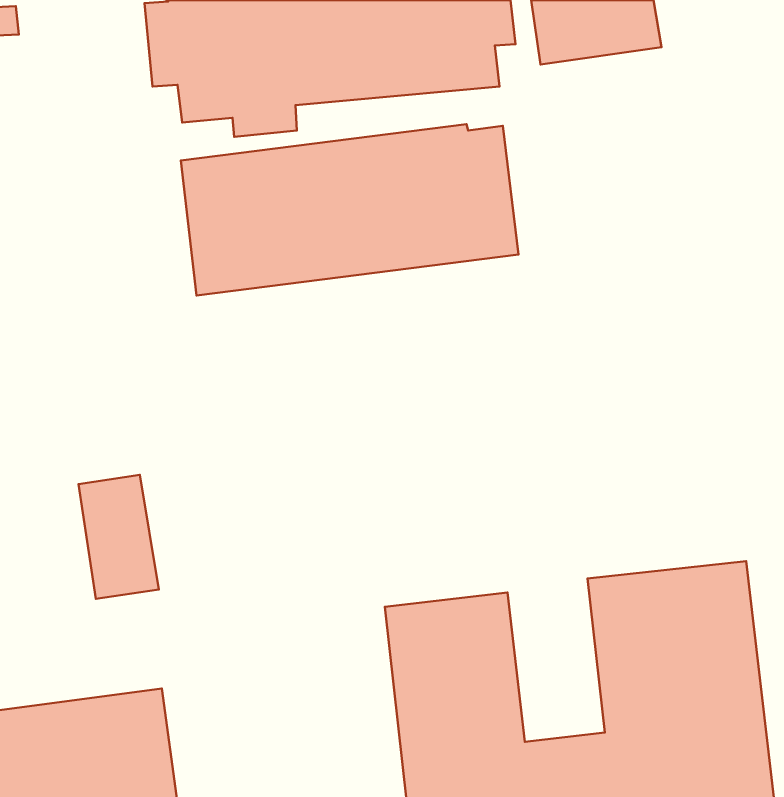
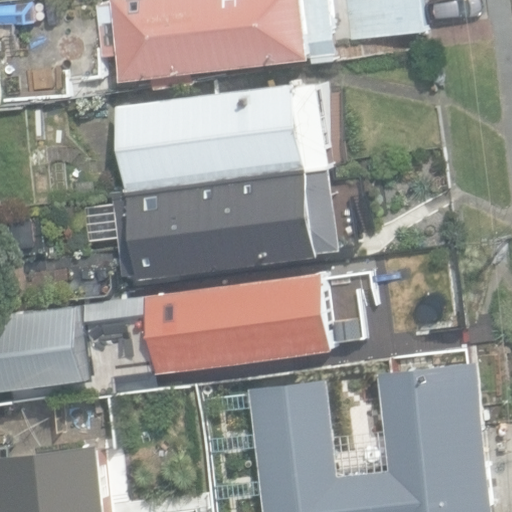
building: none -> [109,168,341,278]
building: none -> [123,271,332,385]

